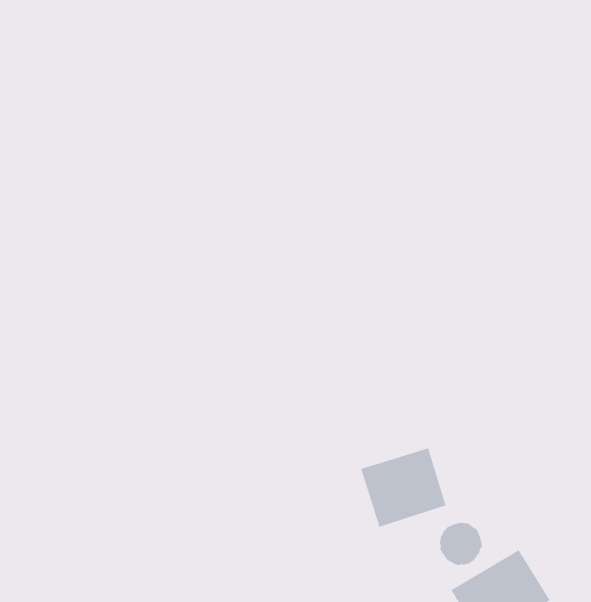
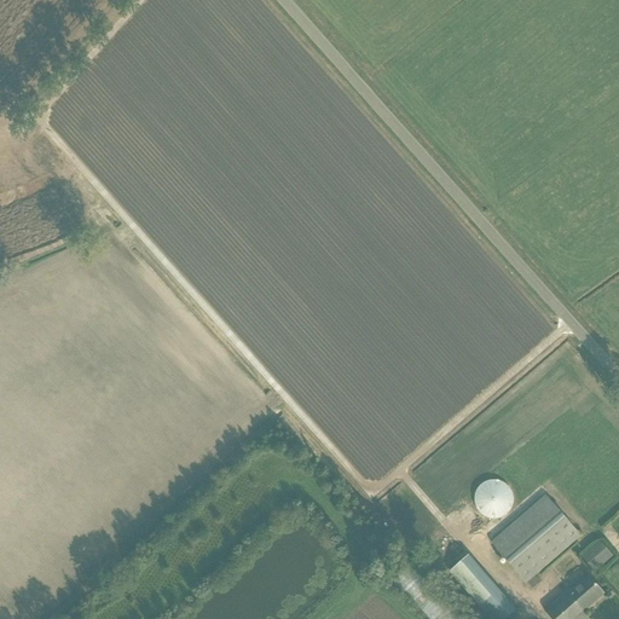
building: [361,448,446,528] -> none

